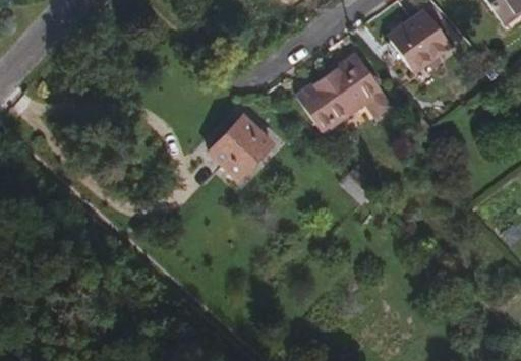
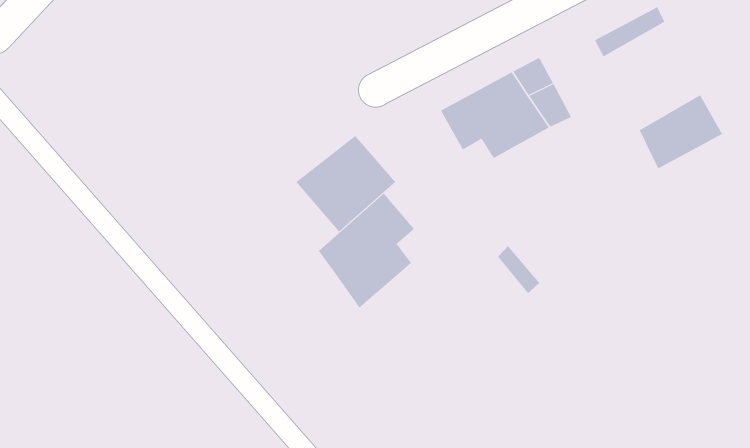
building: [396,21,450,72] -> [639,95,723,169]
building: none -> [318,193,415,308]

